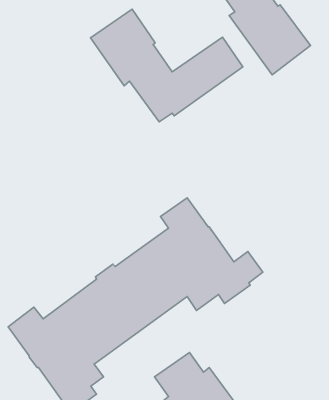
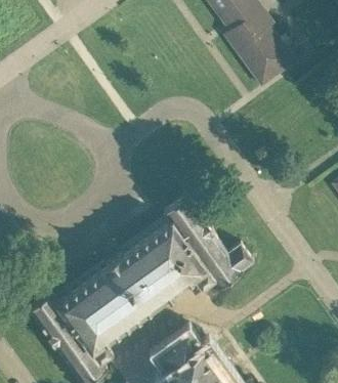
building: [90,9,243,122] -> none

